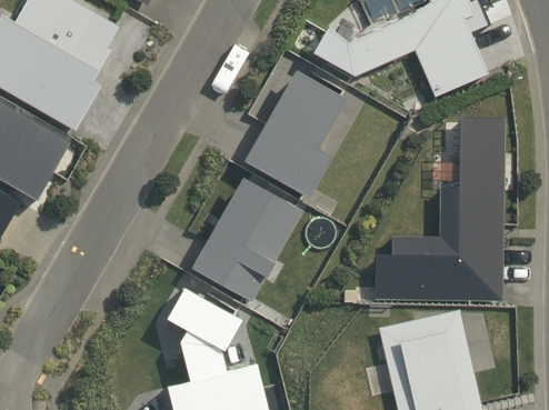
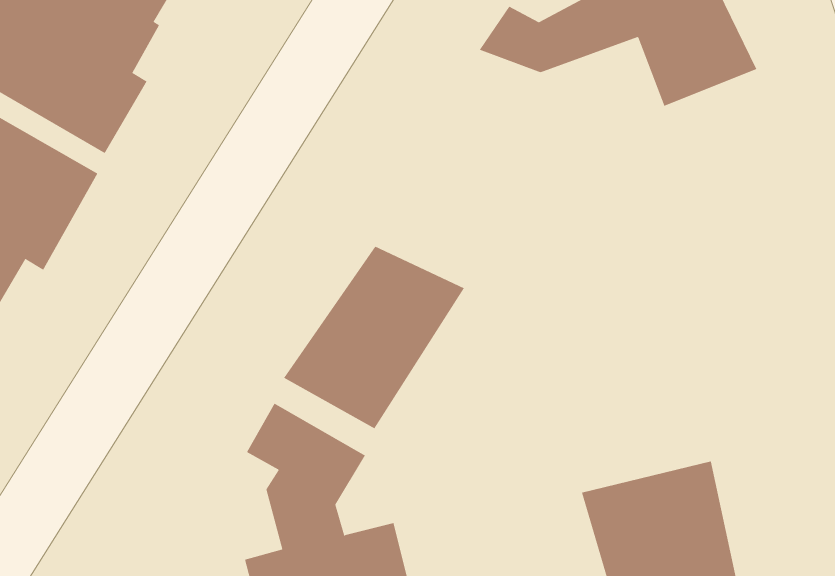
building: [242,81,343,197] -> none
building: [375,117,503,299] -> none

